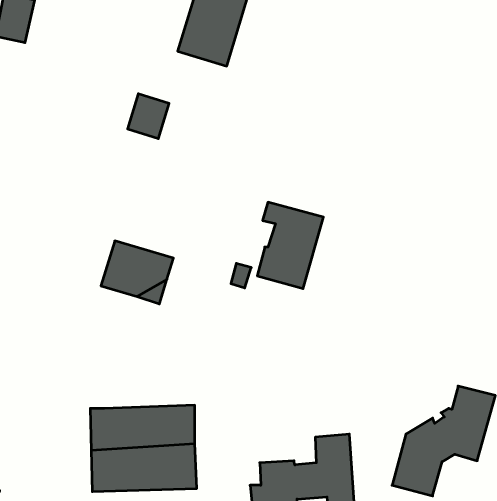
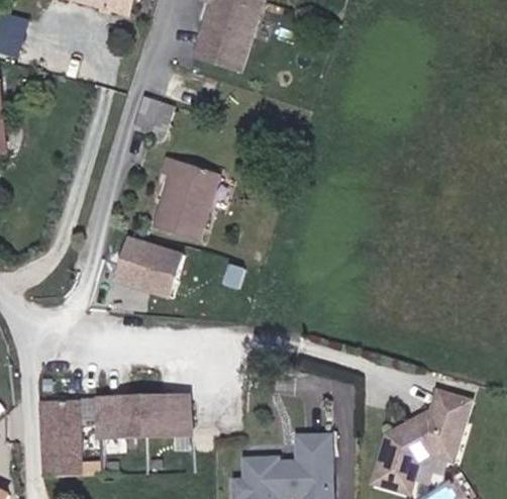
building: [257,202,323,289] -> [148,157,211,238]
building: none -> [40,401,87,477]

